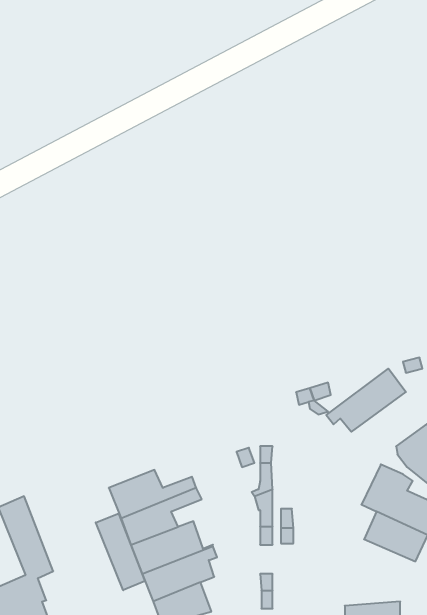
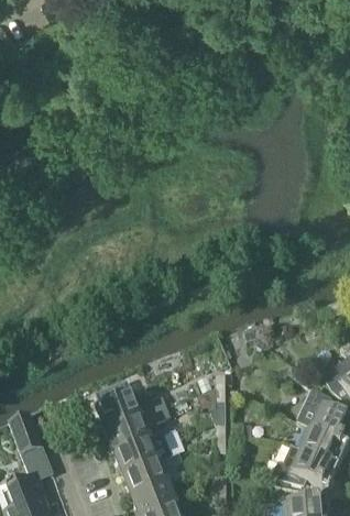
building: [326,369,406,432] -> none
building: [96,514,145,590] -> none
building: none -> [270,446,339,490]

